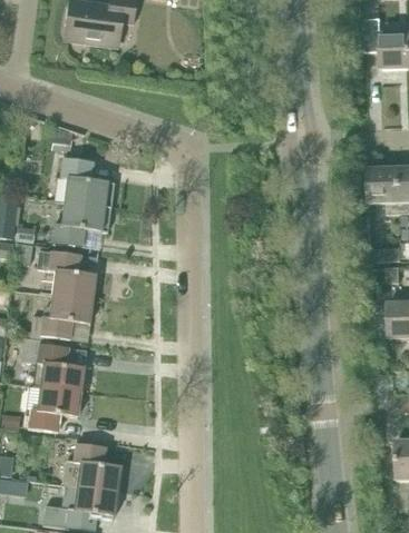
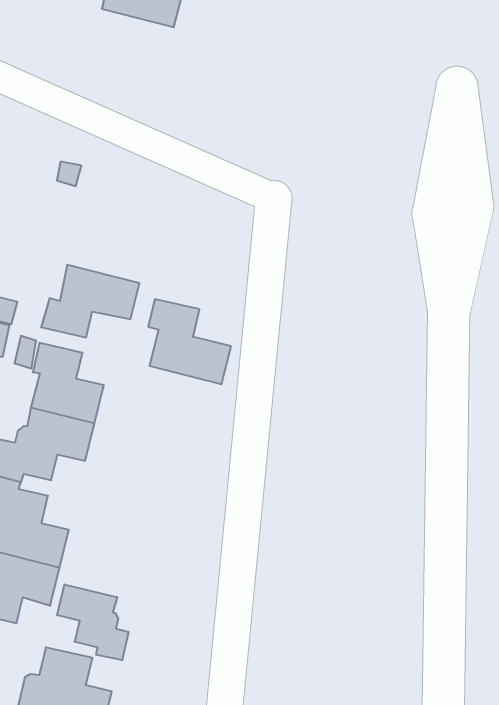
building: [61,158,115,207] -> [148,299,231,384]
building: none -> [57,584,129,660]

